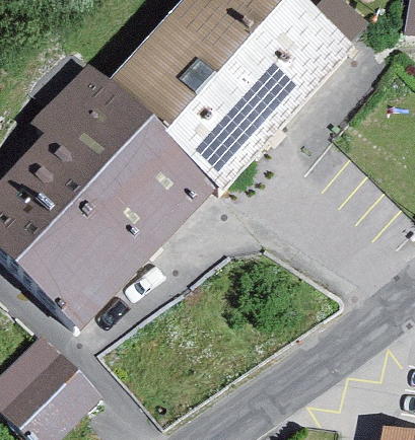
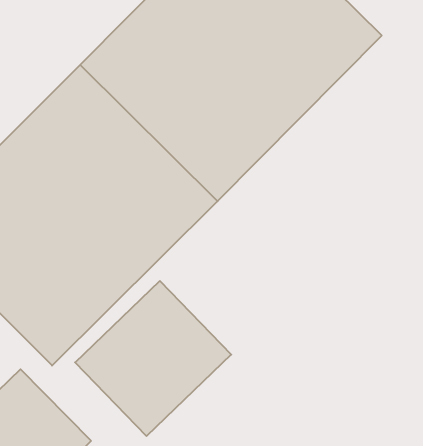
building: none -> [75,281,231,436]

